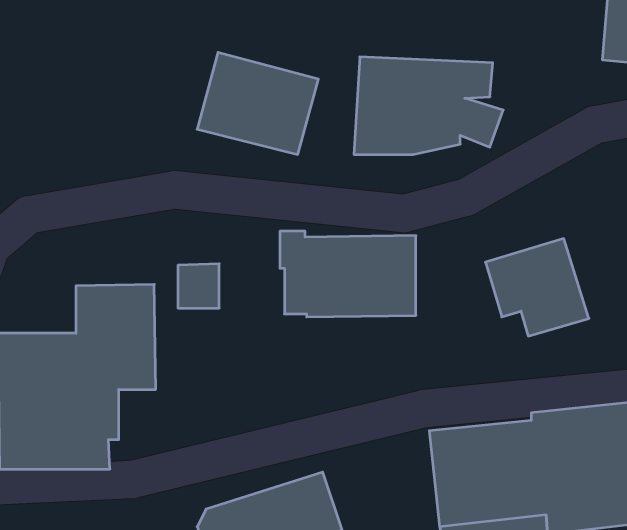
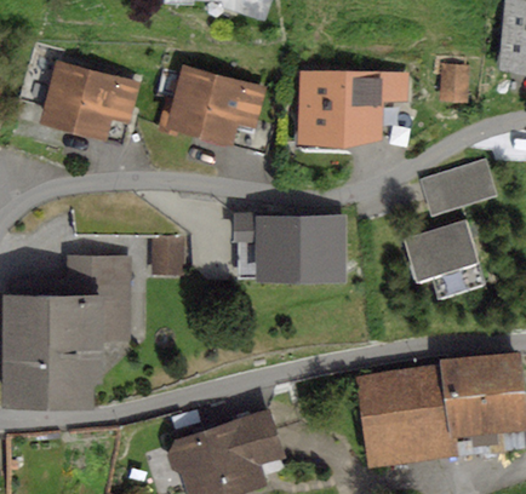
building: none -> [40,59,142,147]
building: none -> [439,63,470,103]
building: none -> [418,157,497,217]

